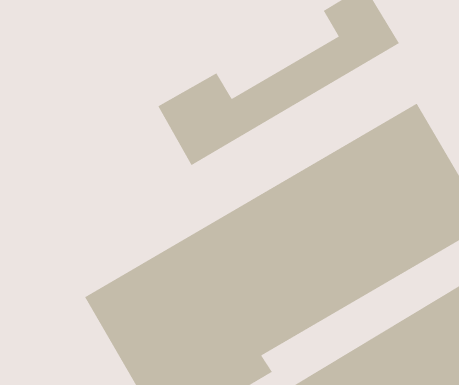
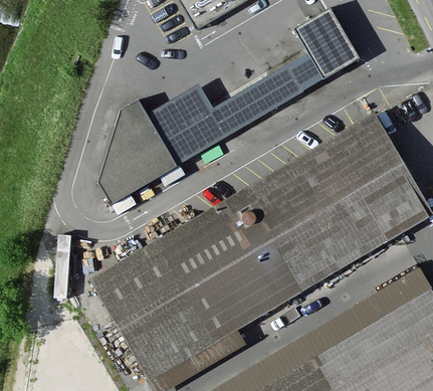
building: none -> [94,99,180,208]

